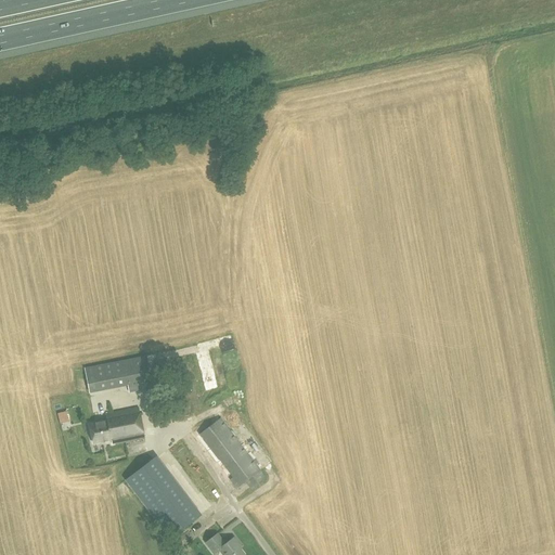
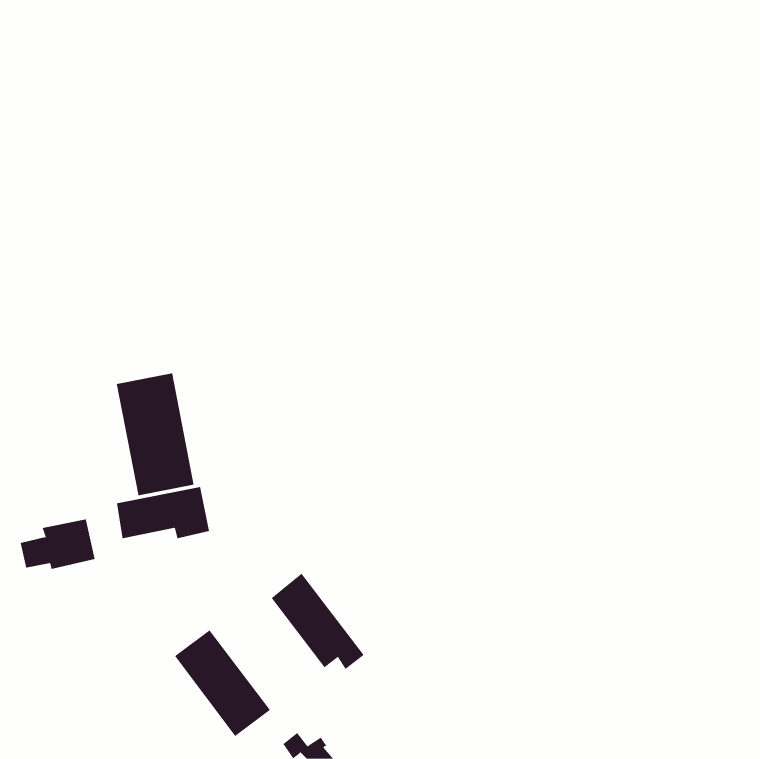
building: none -> [116,372,194,496]
building: [89,406,144,443] -> [20,519,96,570]

